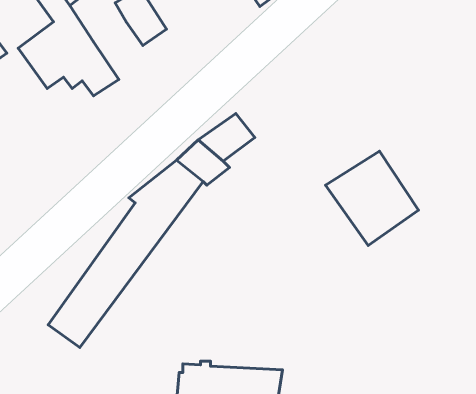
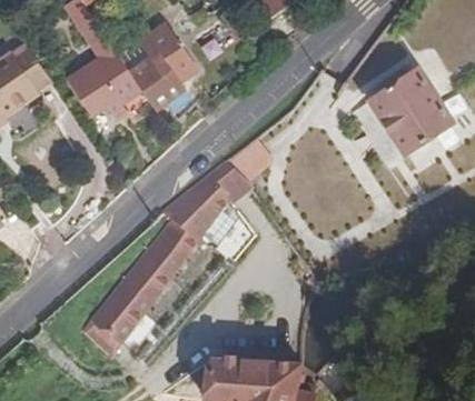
building: none -> [131,57,182,108]
building: [325,151,418,246] -> [369,70,452,153]

